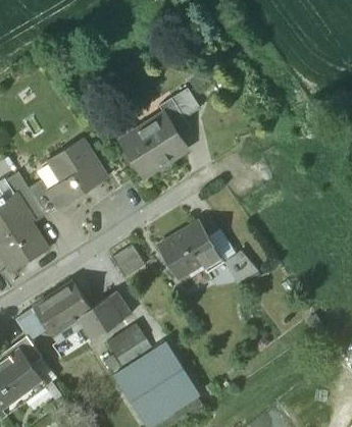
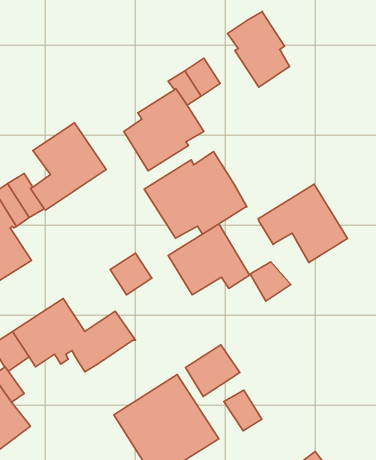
building: none -> [227,11,290,87]
building: none -> [144,152,247,238]
building: none -> [258,184,347,262]
building: [106,324,150,366] -> [186,345,240,397]
building: none -> [224,390,262,431]

